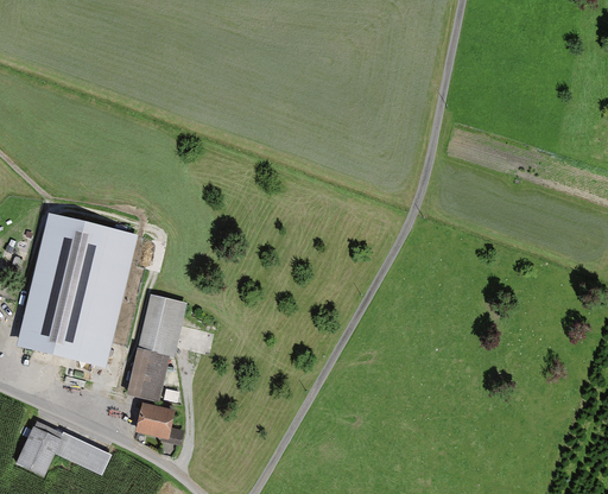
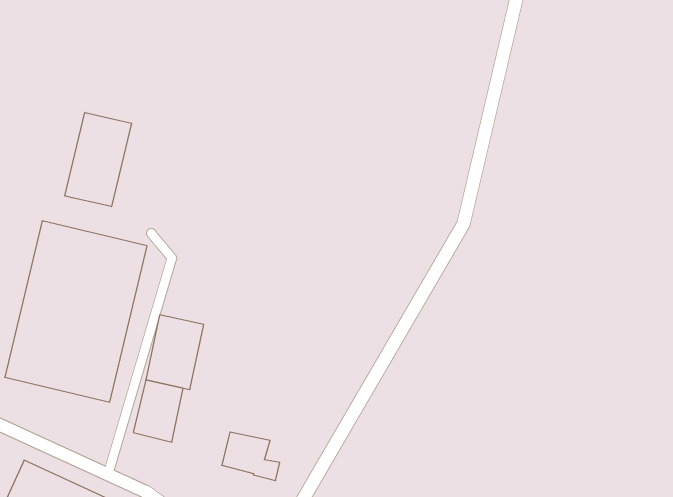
building: none -> [65,112,131,207]
building: [134,403,184,444] -> [222,432,280,481]

